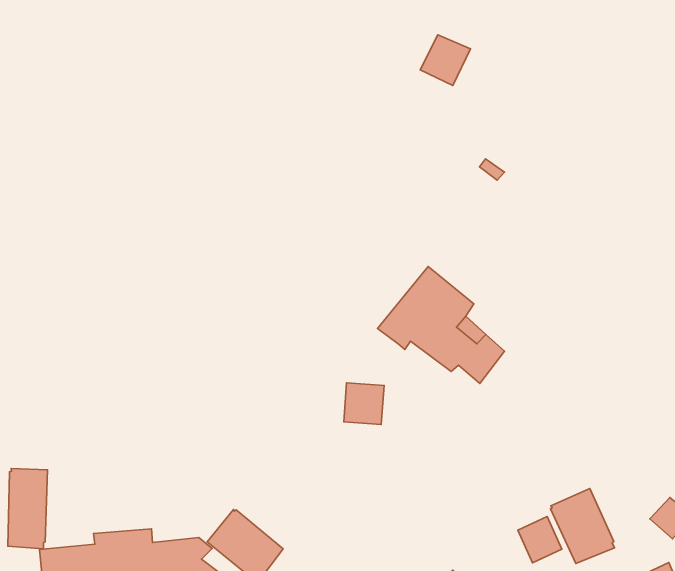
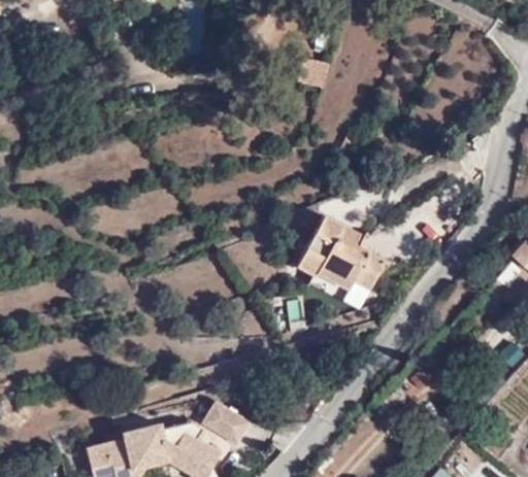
building: [8,469,47,549] -> none
building: [550,488,615,564] -> none

